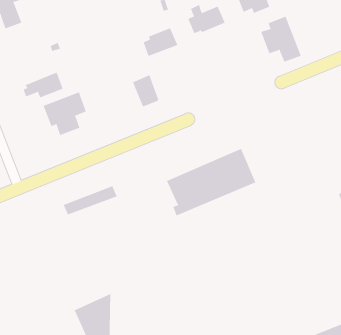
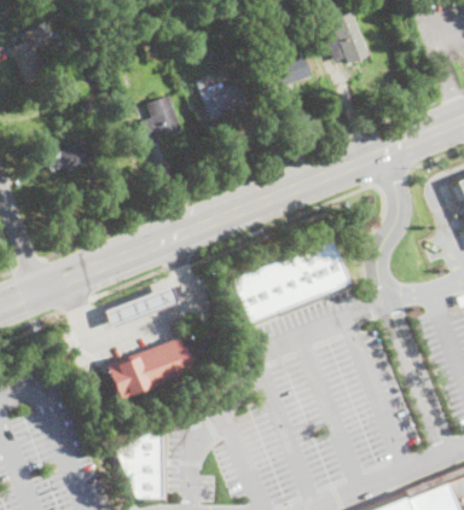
building: [261,16,302,63] -> none
building: [132,75,159,107] -> [147,94,182,137]
building: [43,91,87,136] -> none
building: none -> [106,338,192,402]

